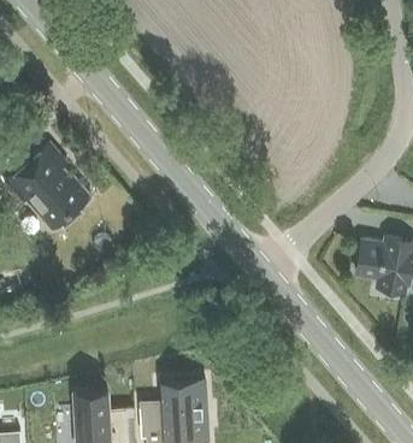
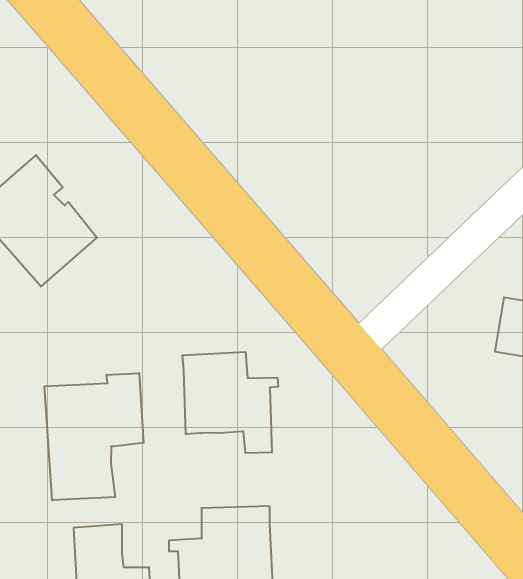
building: none -> [183,352,278,453]
building: none -> [45,373,144,500]

